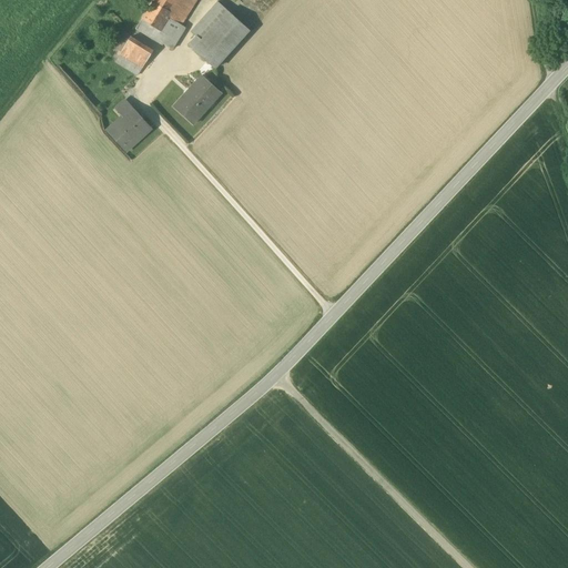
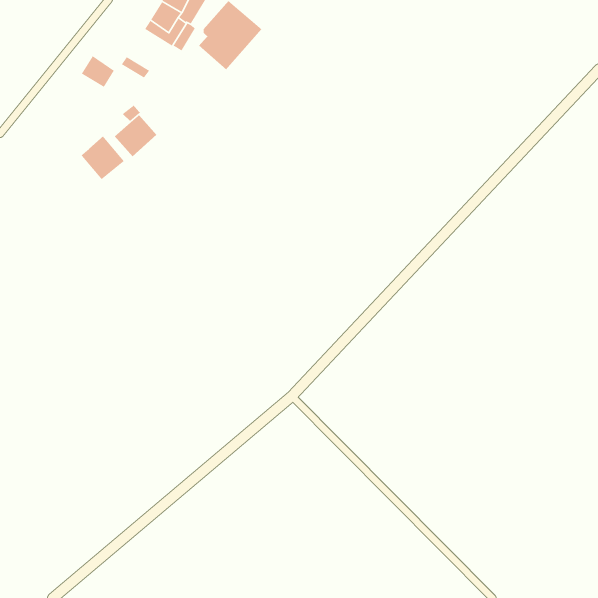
building: [121,36,153,67] -> [81,55,115,88]
building: [174,74,222,123] -> none
building: none -> [80,136,125,180]

